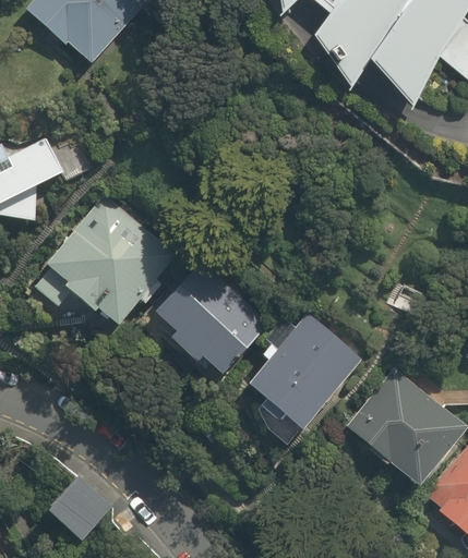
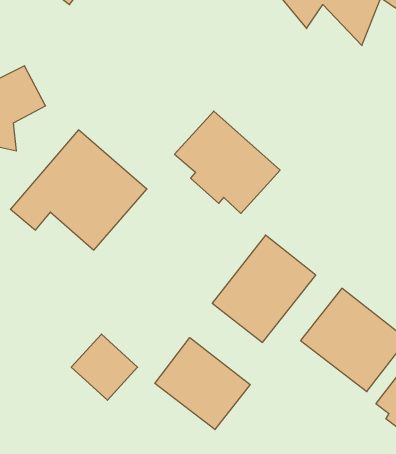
building: [153,263,267,374] -> [175,111,280,213]
building: none -> [155,338,250,430]
building: [44,469,116,541] -> [71,334,138,400]

